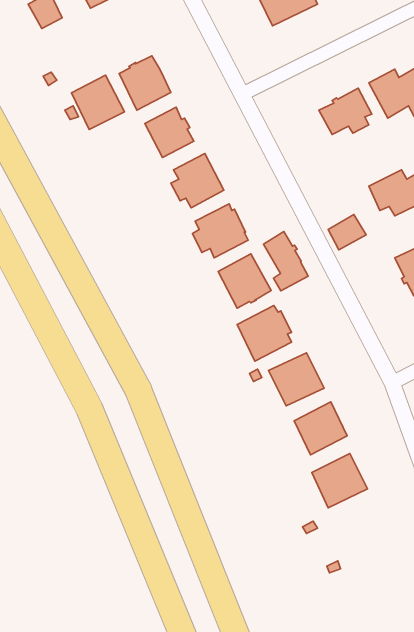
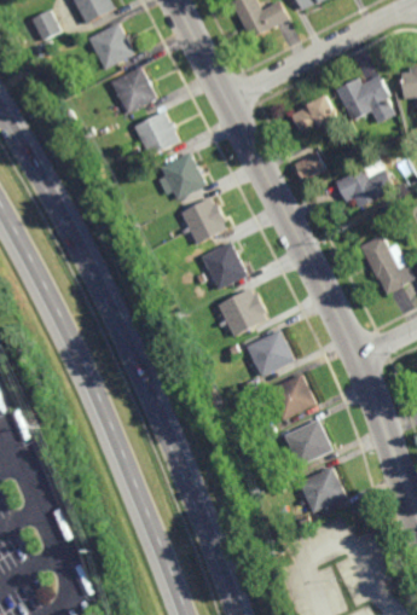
building: [72,75,125,129] -> [89,22,137,70]
building: [328,214,366,250] -> [293,151,326,182]
building: [263,232,308,291] -> none
building: none -> [300,468,344,511]

